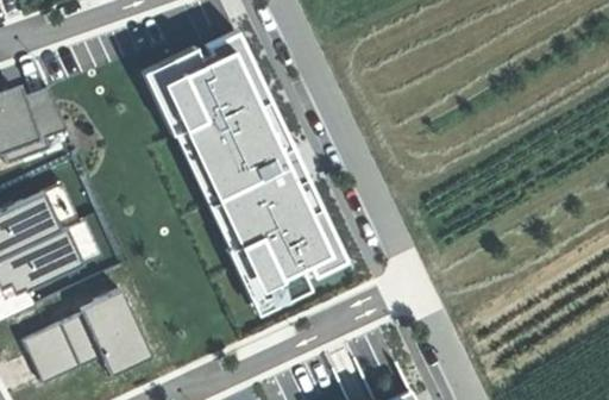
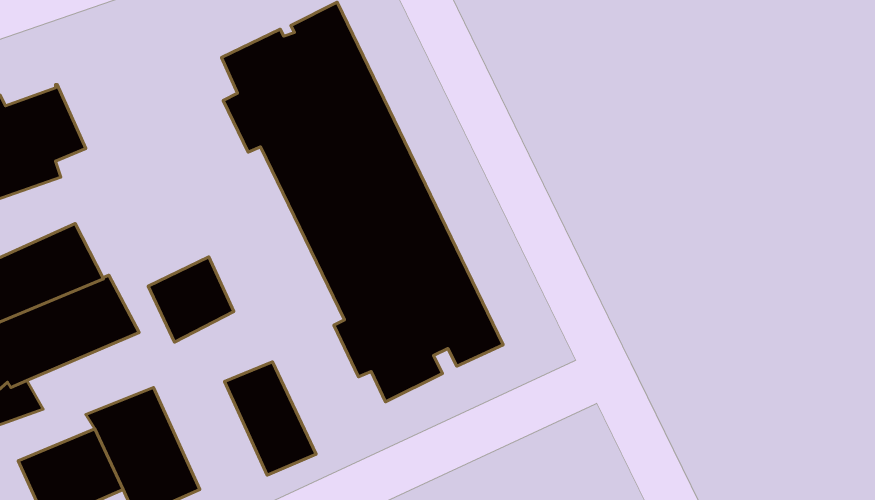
building: none -> [148,257,234,342]
building: none -> [225,362,316,475]

